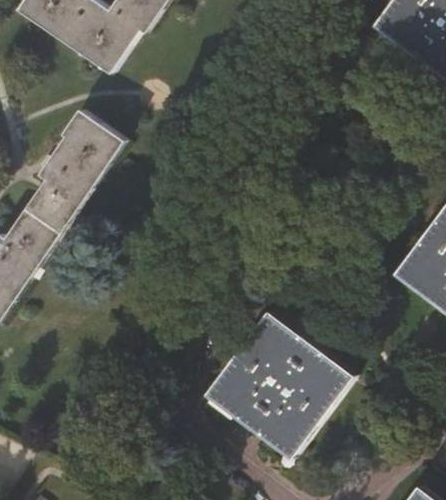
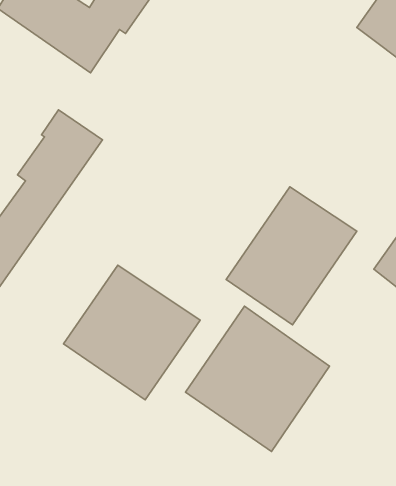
building: none -> [226,187,357,325]
building: none -> [64,265,200,400]

